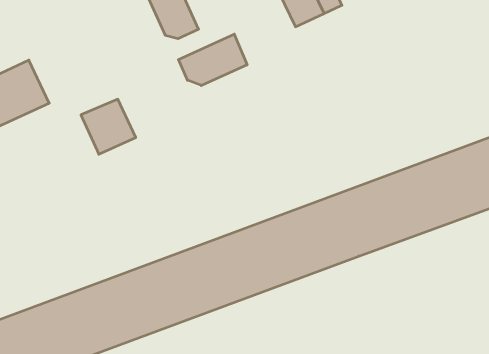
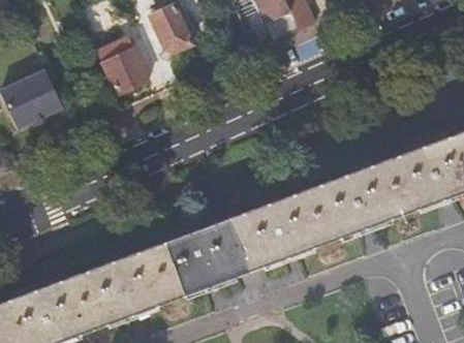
building: [178,34,247,86] -> none
building: [81,99,136,154] -> [101,50,149,97]

